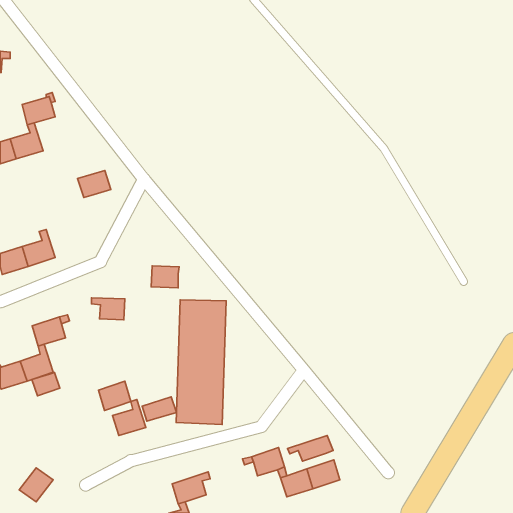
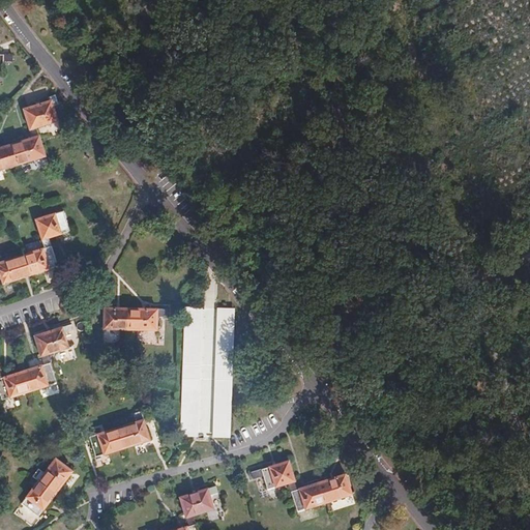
building: [78,170,111,198] -> [35,210,69,238]
building: [151,266,179,288] -> [128,307,157,330]
building: [32,373,60,396] -> none
building: [99,381,131,410] -> [90,428,123,458]
building: [142,397,176,421] -> none
building: [288,435,333,461] -> none
building: none -> [38,459,73,494]

